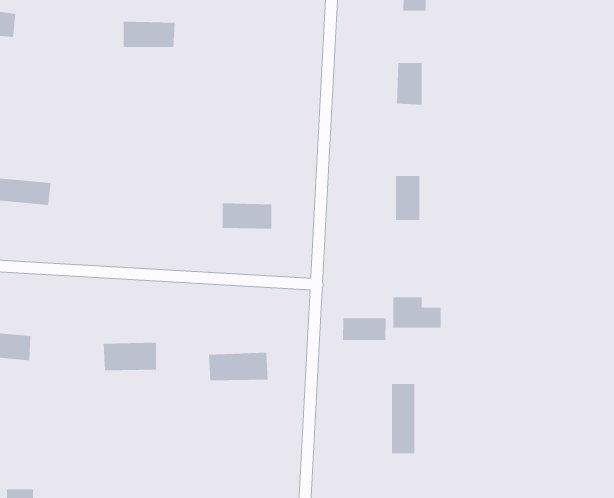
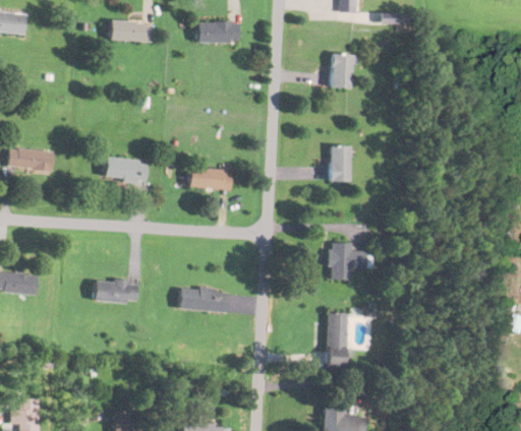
building: none -> [196,21,239,43]
building: none -> [104,157,149,182]
building: [342,317,386,341] -> none

